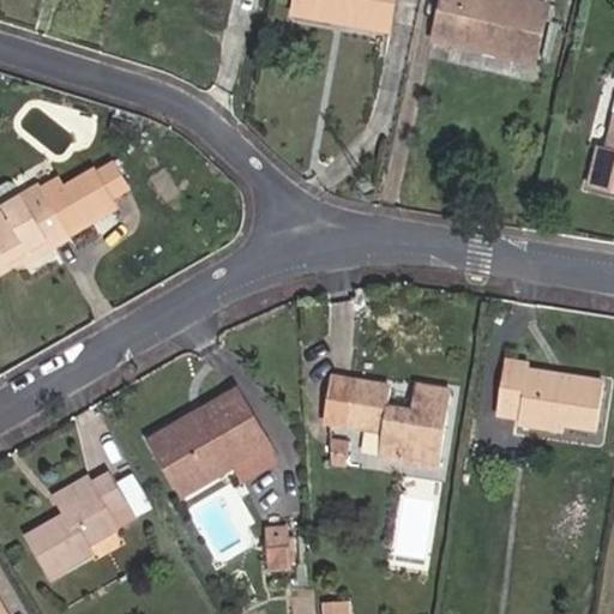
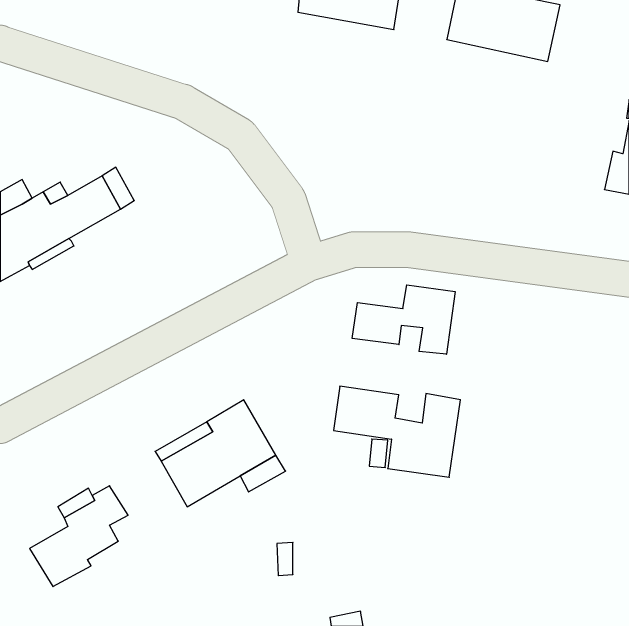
building: none -> [352,285,455,354]
building: [495,359,602,429] -> none

